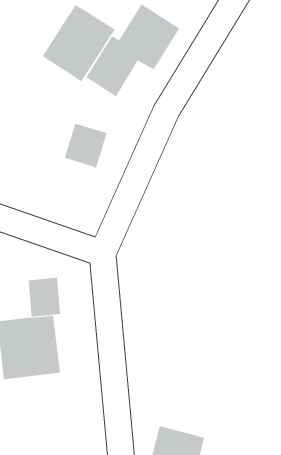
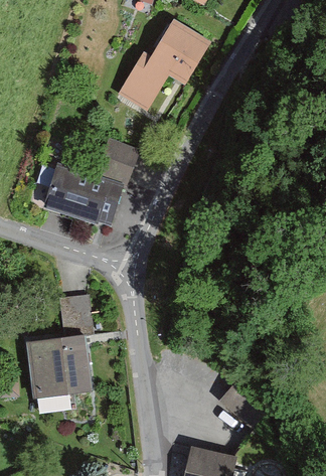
building: [42,4,116,82] -> none
building: none -> [42,162,124,226]

